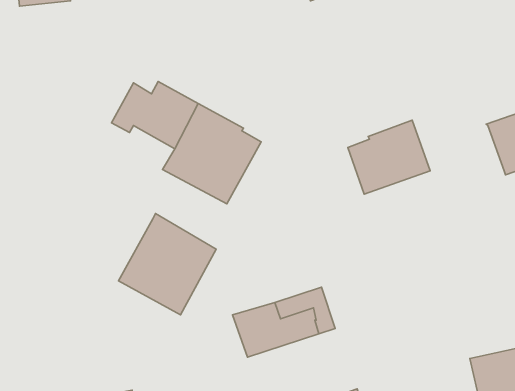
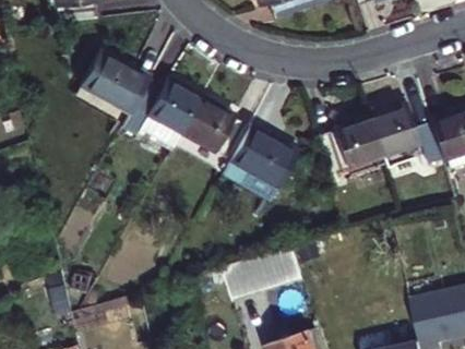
building: none -> [80,52,146,115]
building: none -> [367,100,440,159]
building: [119,213,216,315] -> [219,125,297,206]

